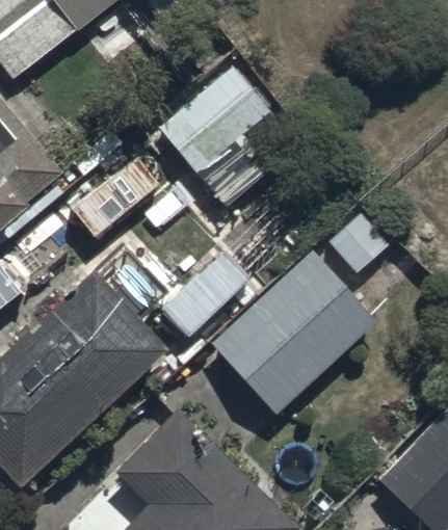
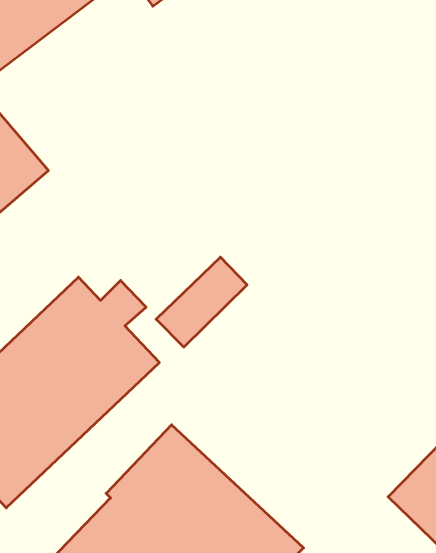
building: [155,67,270,175] -> none
building: [208,250,378,418] -> none

